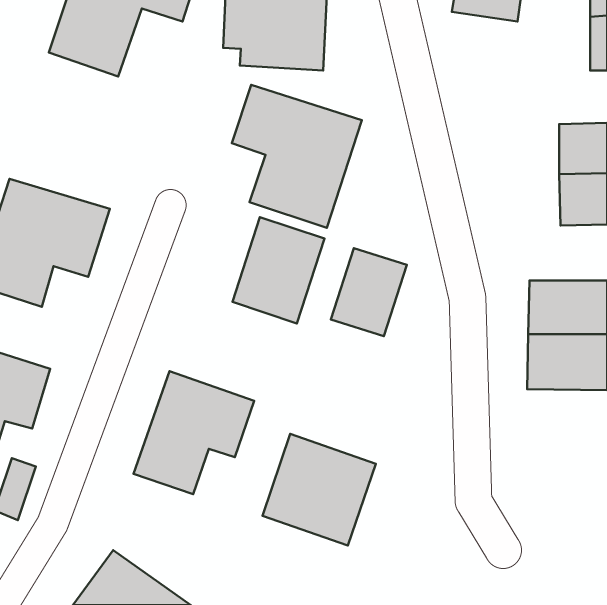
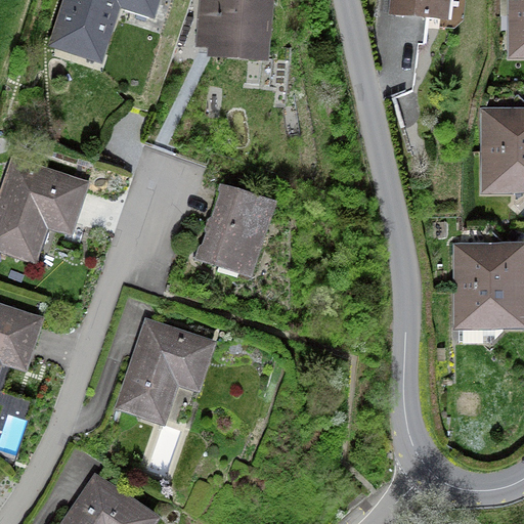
building: [232,85,362,228] -> none
building: [331,248,407,336] -> none
building: [262,434,376,545] -> none

